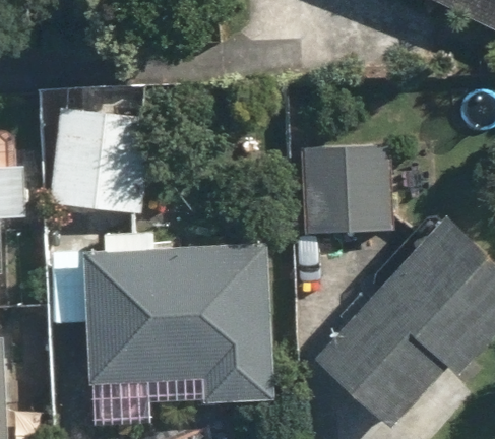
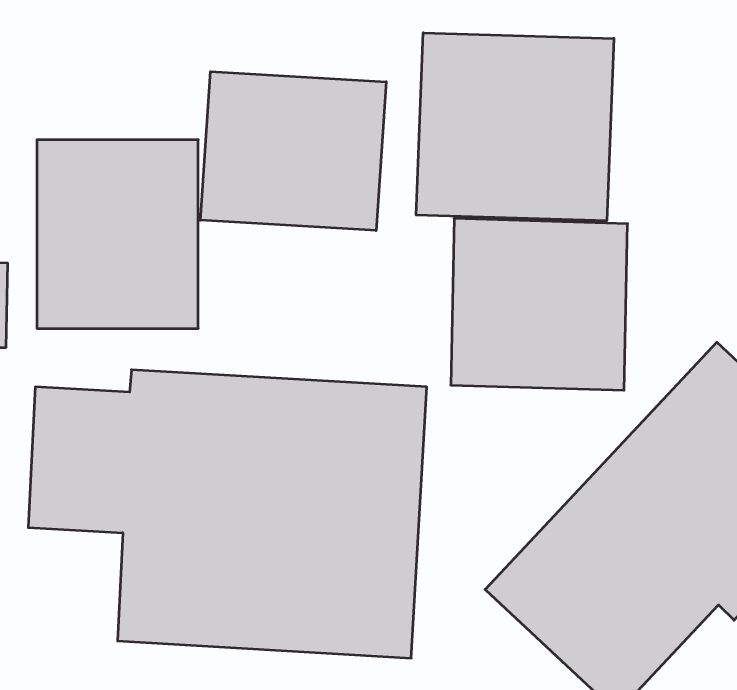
building: none -> [416,33,614,221]
building: none -> [200,72,386,231]

